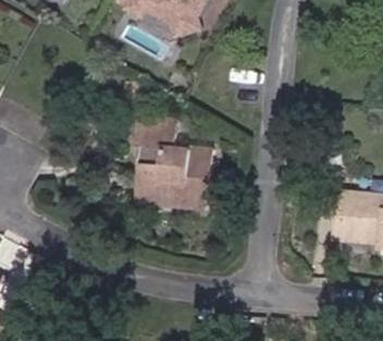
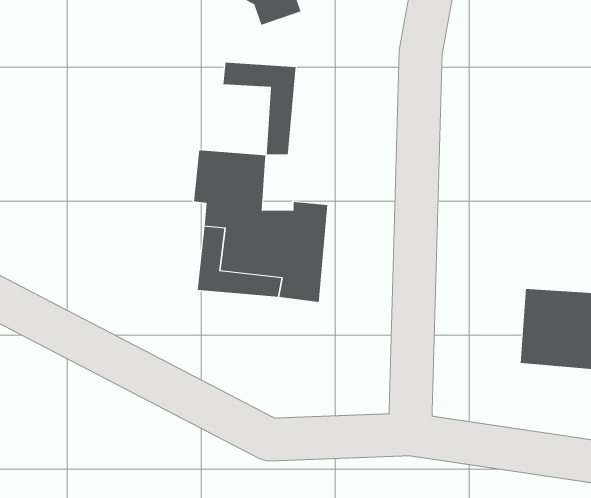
building: none -> [223,62,296,155]

